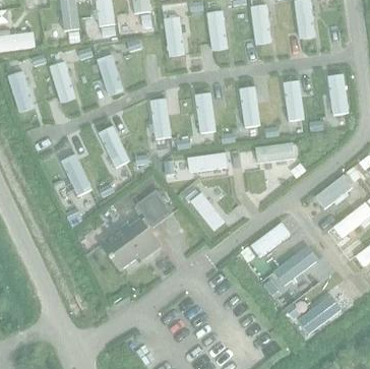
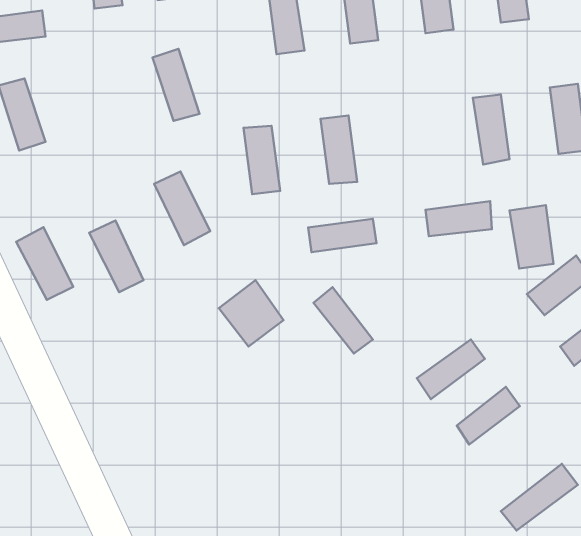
building: [49,61,76,103] -> none
building: [239,86,260,126] -> none
building: none -> [509,205,554,268]
building: none -> [16,227,73,300]
building: [100,220,160,270] -> none

